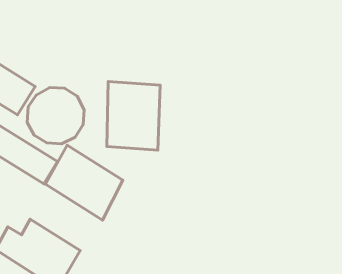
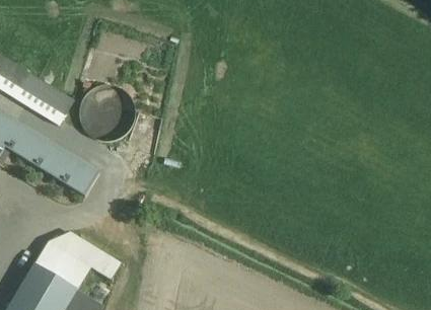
building: [107,82,160,150] -> none
building: [45,145,123,220] -> none

